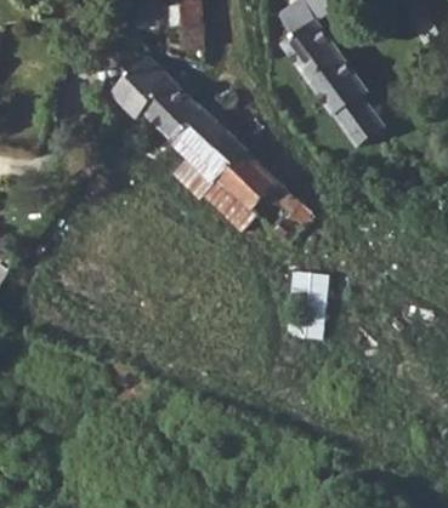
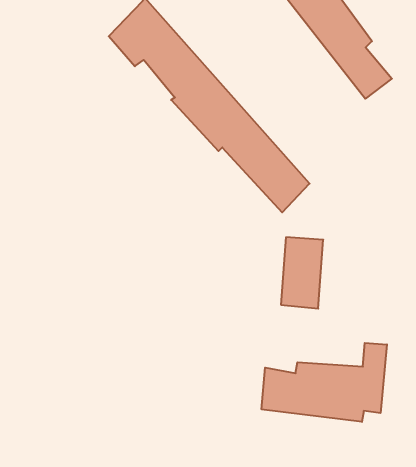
building: none -> [262,343,387,422]

